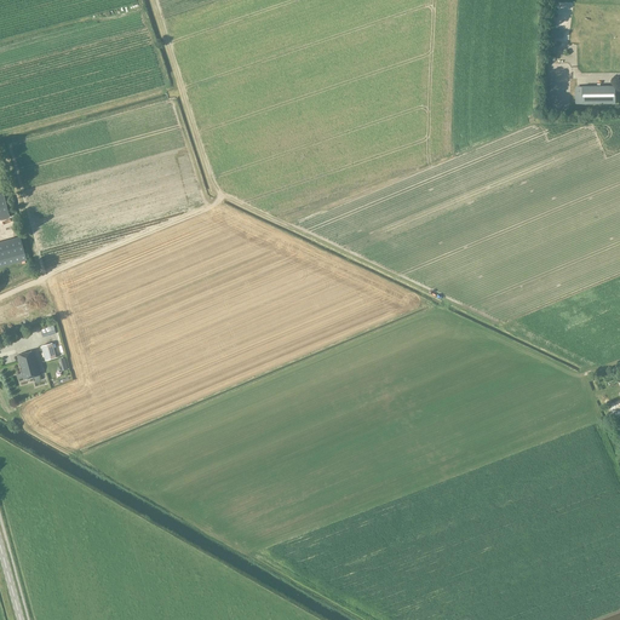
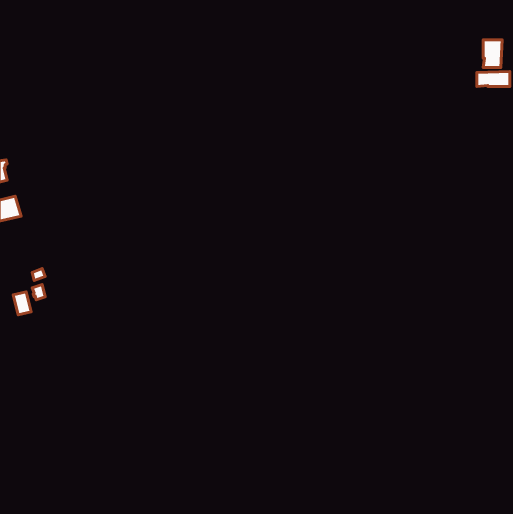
building: none -> [483,40,502,67]

